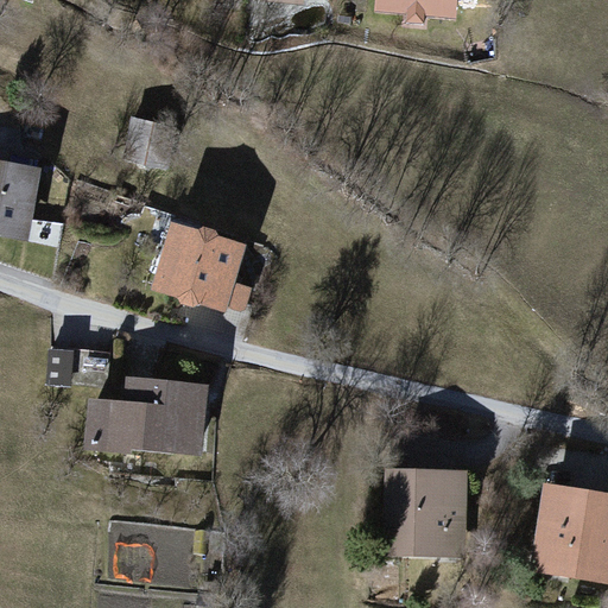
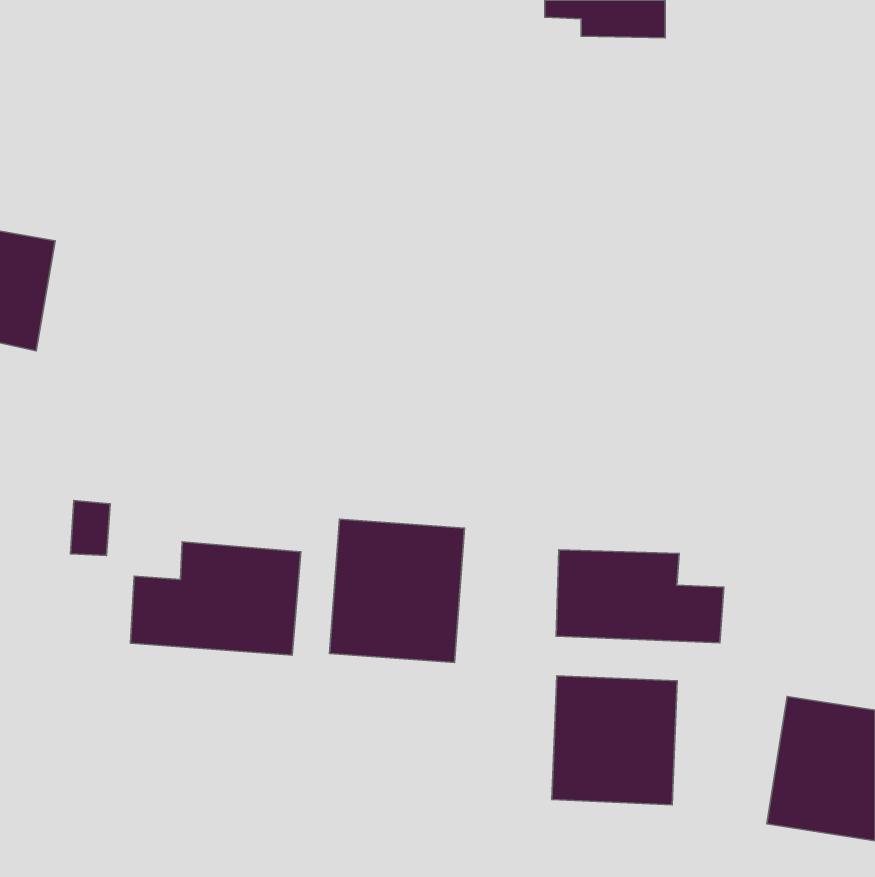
building: [153,222,253,314] -> none
building: none -> [330,519,464,663]
building: none -> [556,550,724,643]

